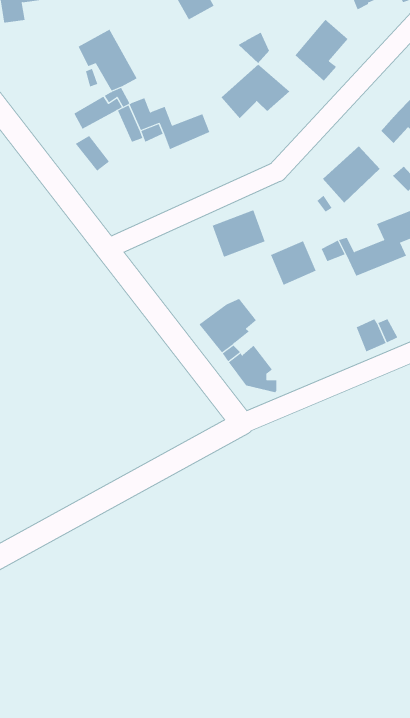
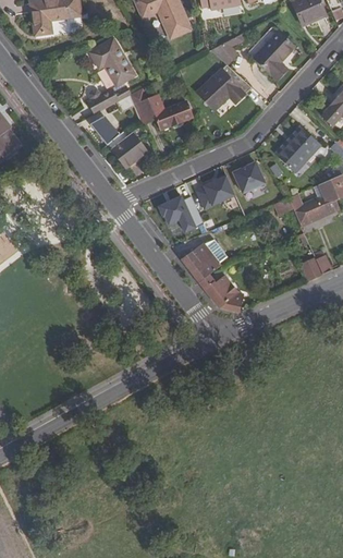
building: none -> [114,134,148,167]
building: none -> [158,193,204,234]
building: [270,240,317,285] -> [231,161,266,195]

